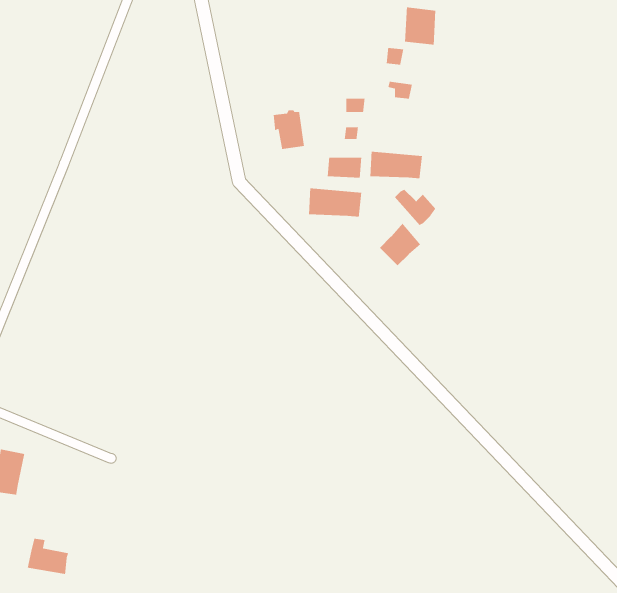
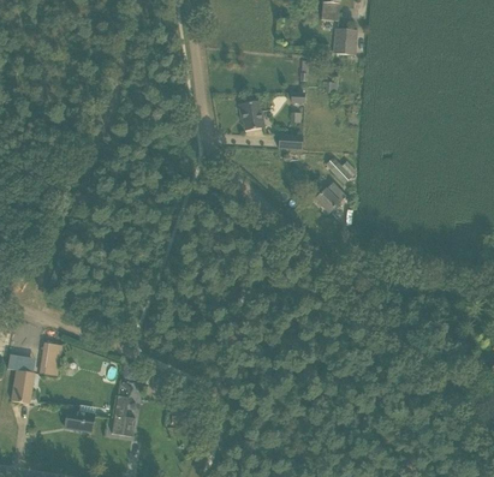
building: [370,151,423,179] -> none
building: [308,188,362,217] -> none
building: none -> [112,394,135,435]

